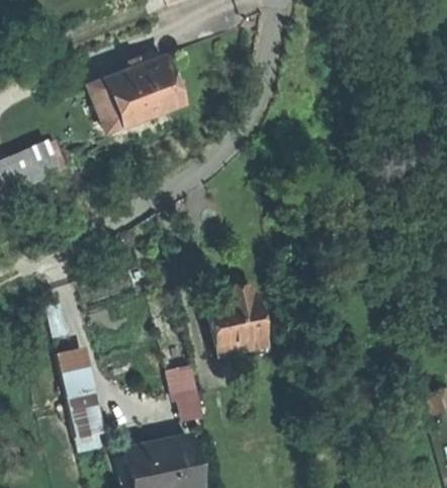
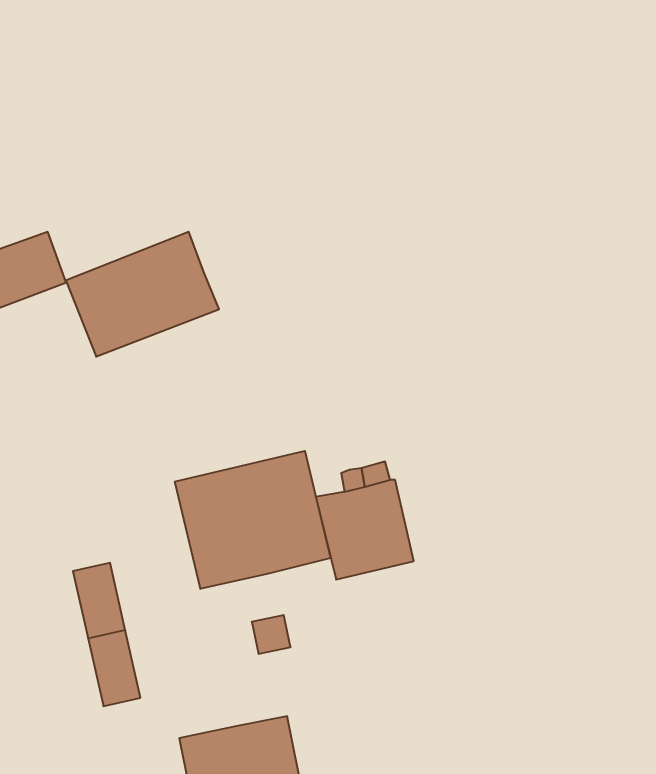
building: [93,53,185,128] -> [66,232,219,357]
building: none -> [175,451,331,589]

